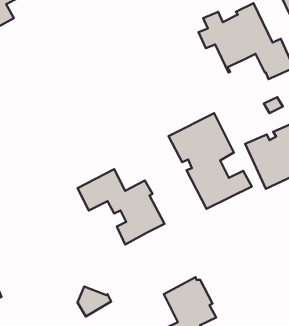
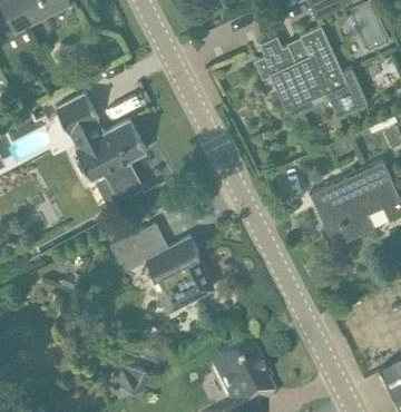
building: none -> [57,94,148,199]
building: [168,113,252,209] -> none

